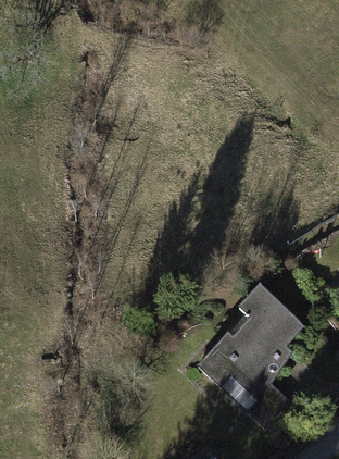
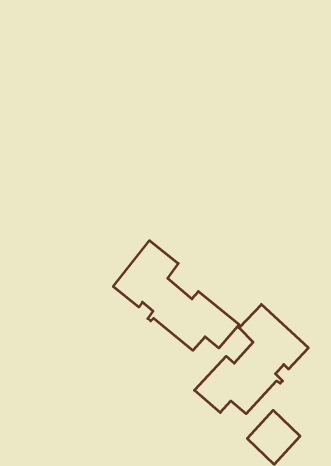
building: none -> [113,241,239,350]

